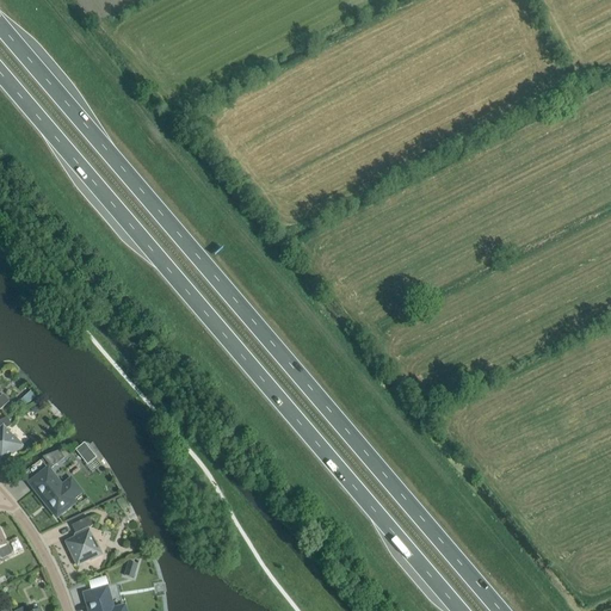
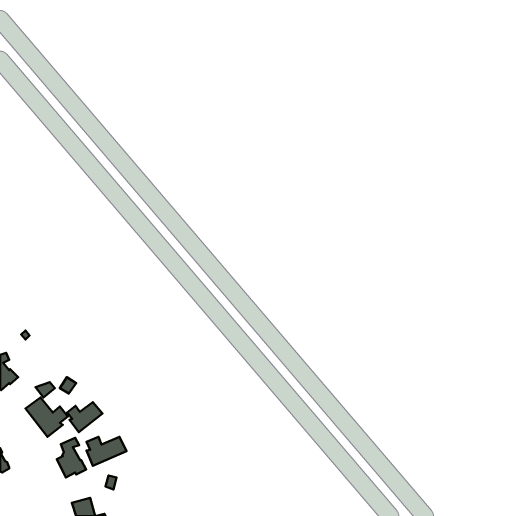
building: none -> [67,402,102,432]
building: none -> [87,437,127,466]

